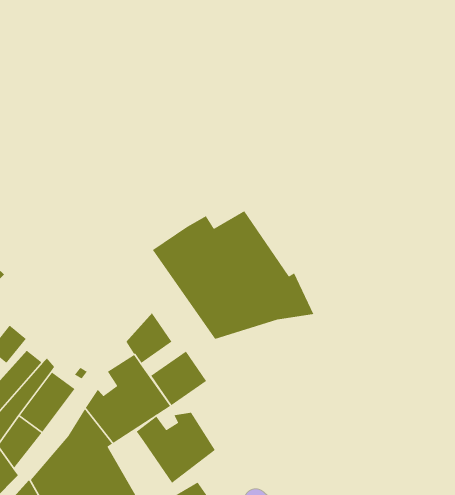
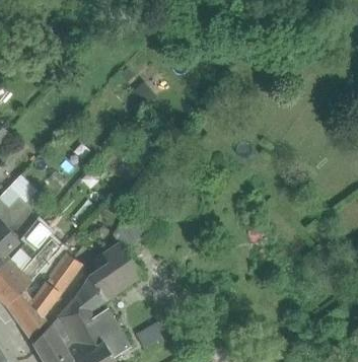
building: [152,210,315,340] -> none
building: [150,351,207,406] -> none
building: [136,412,216,484] -> none

